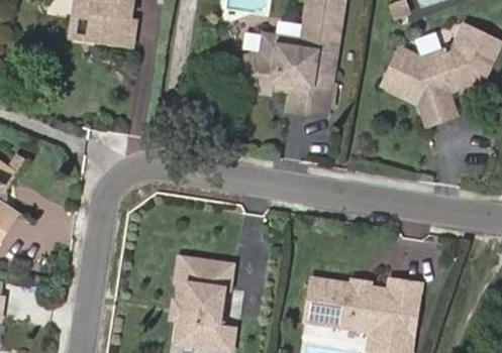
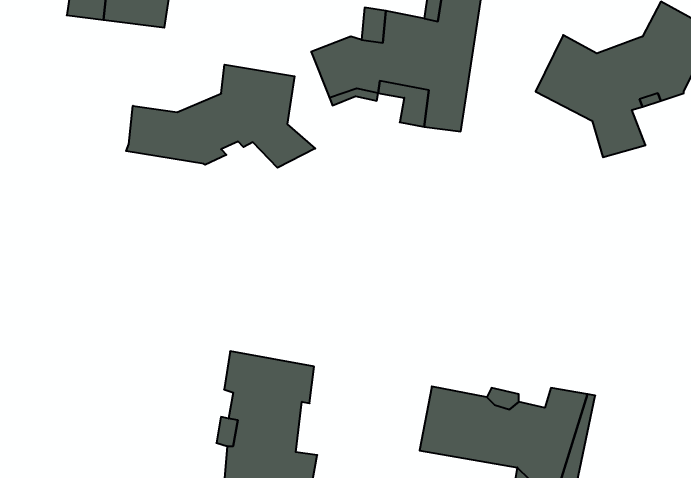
building: none -> [126,65,315,168]

